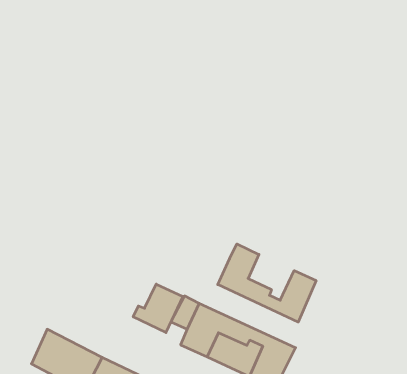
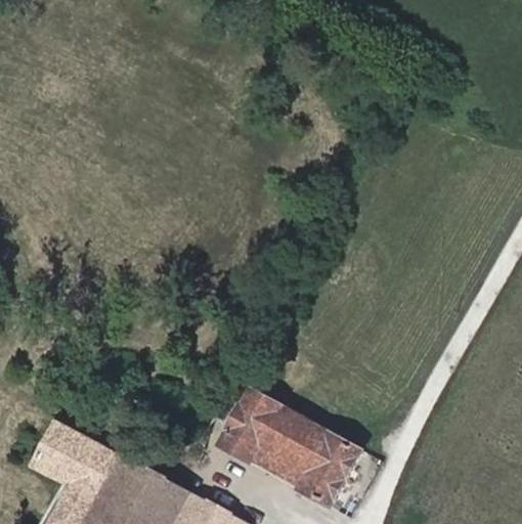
building: [218,244,316,322] -> none
building: [133,284,183,333] -> none

